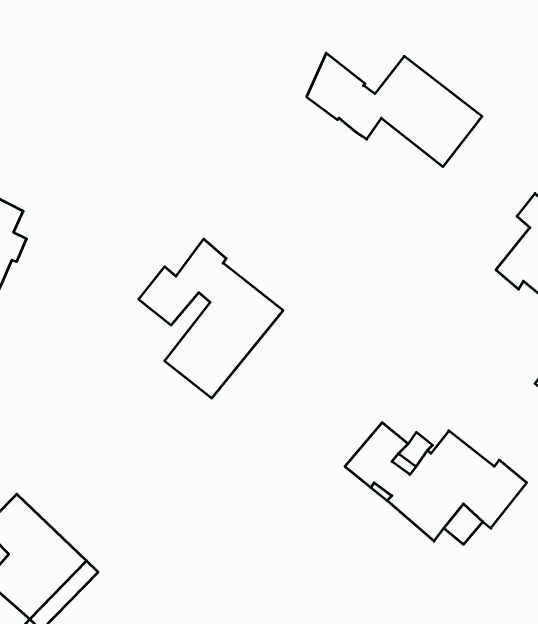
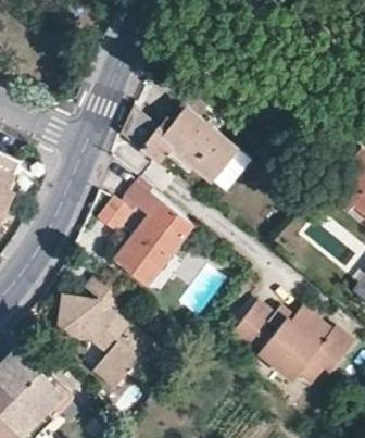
building: [307,53,482,167] -> [121,105,238,182]
building: none -> [55,276,148,385]

